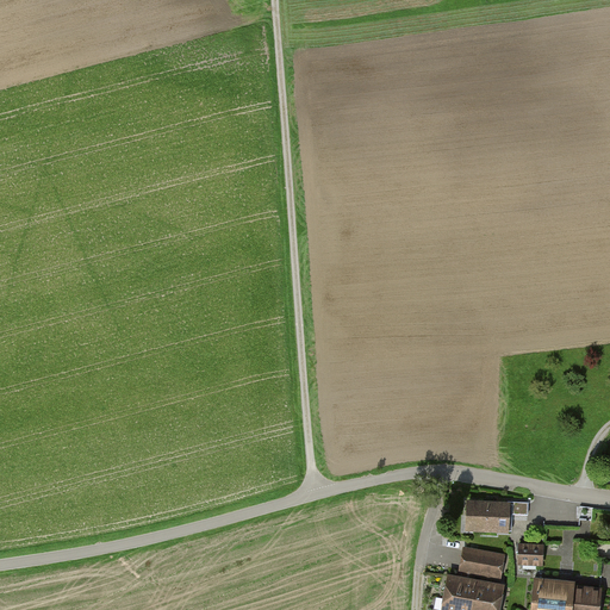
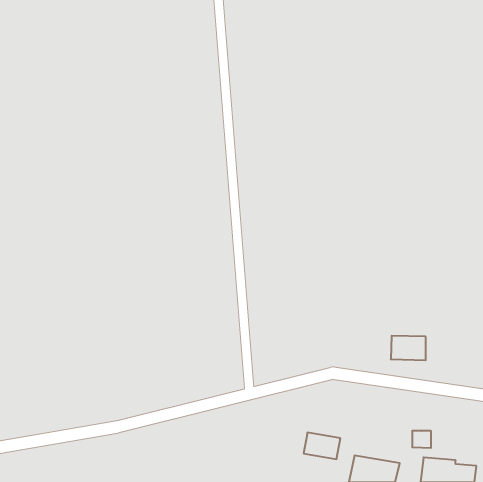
building: [466,500,510,531] -> [391,336,426,360]
building: [459,547,505,580] -> [304,433,340,459]

